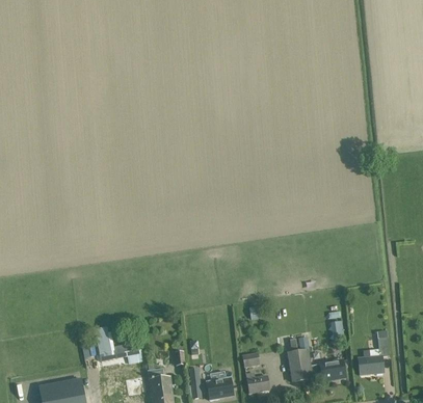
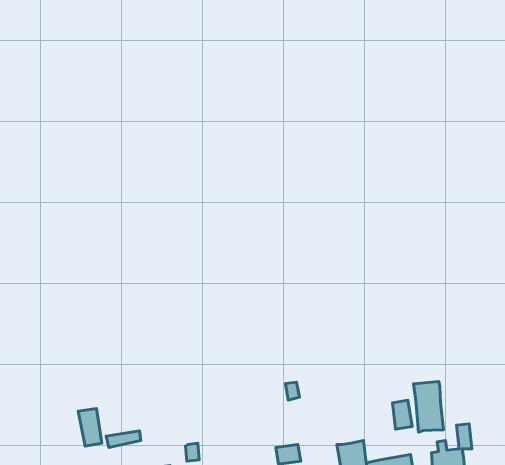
building: none -> [414,382,443,432]

